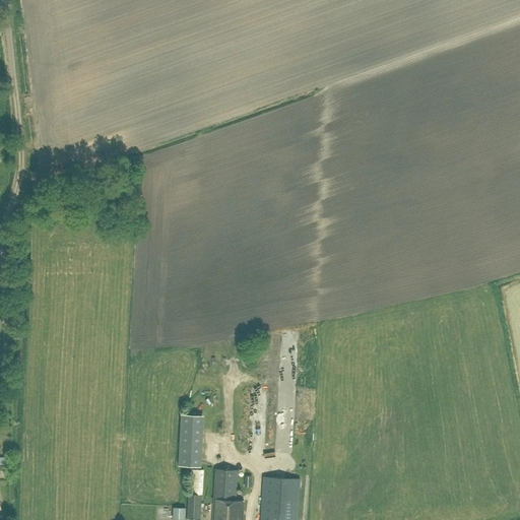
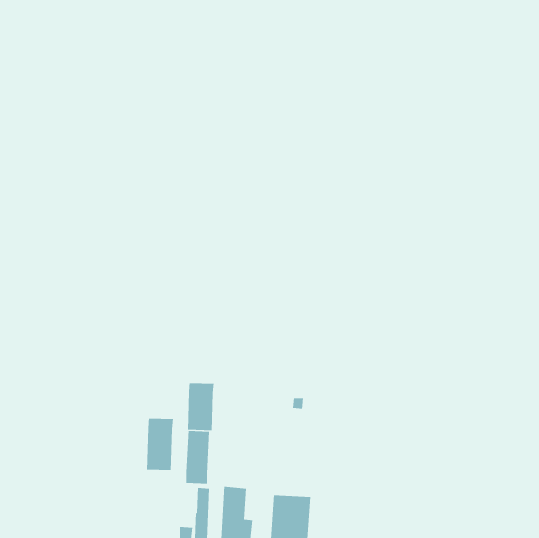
building: none -> [187,382,214,431]
building: none -> [146,418,173,471]

